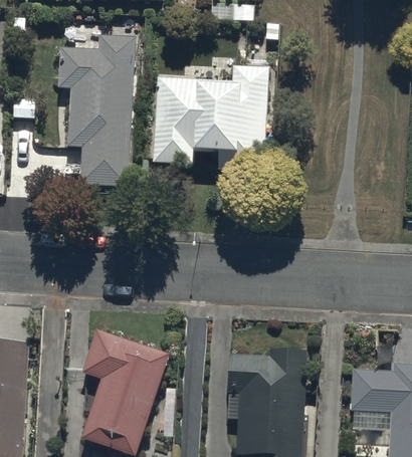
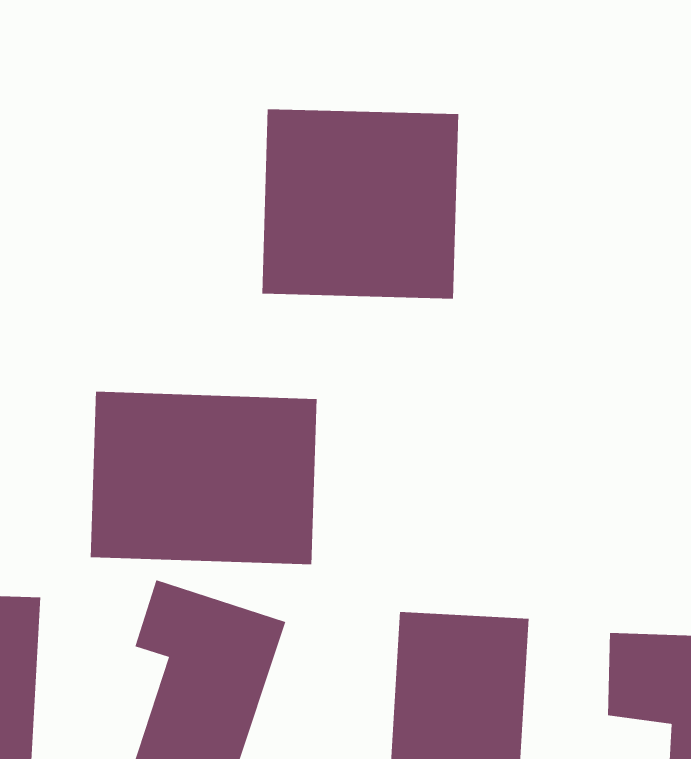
building: [59,35,136,187] -> none
building: none -> [90,391,317,565]

